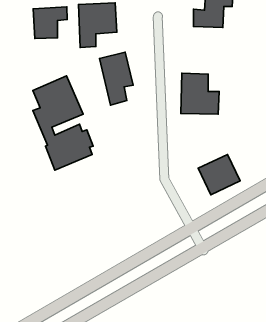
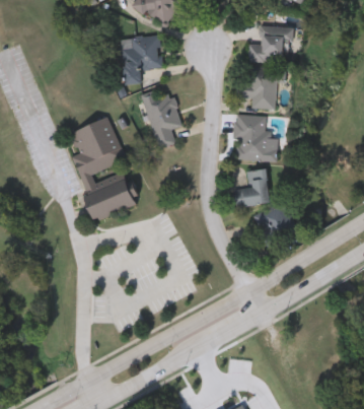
building: [33,7,67,39] -> none
building: none -> [235,67,285,109]
building: none -> [234,167,269,205]

